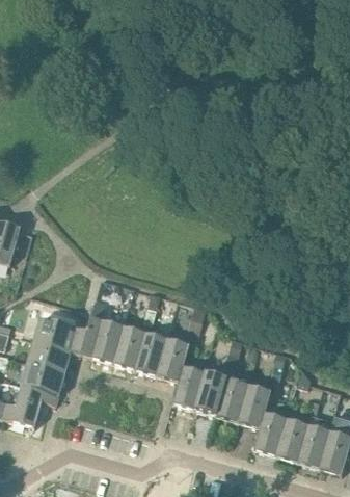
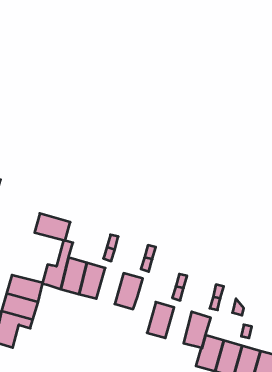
building: [33,317,76,349] -> [35,213,70,241]
building: [134,332,166,374] -> none
building: [171,366,205,409] -> none
building: [216,378,247,421] -> none

